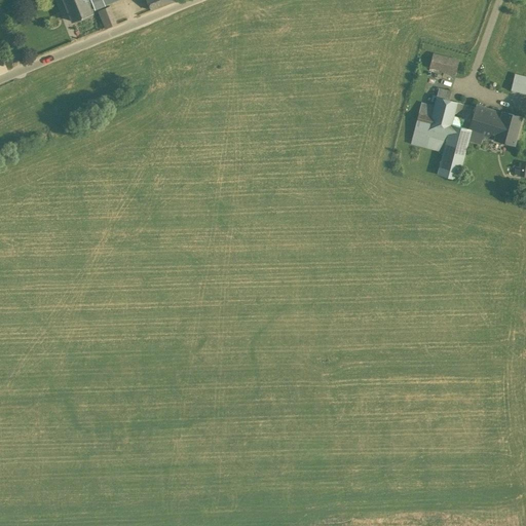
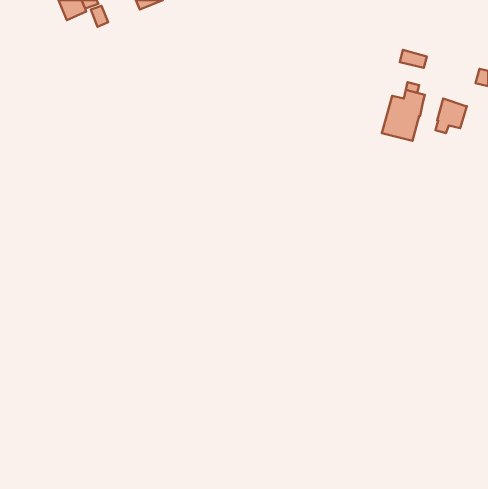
building: [494,112,520,144] -> none
building: [437,124,471,180] -> none

